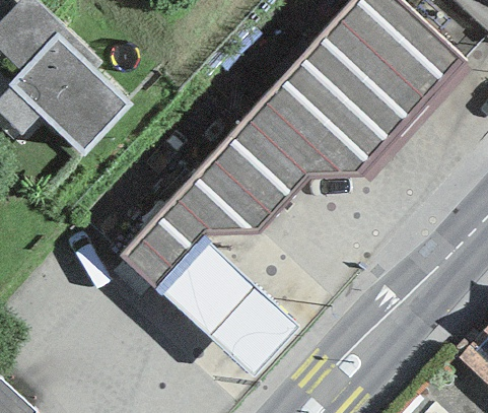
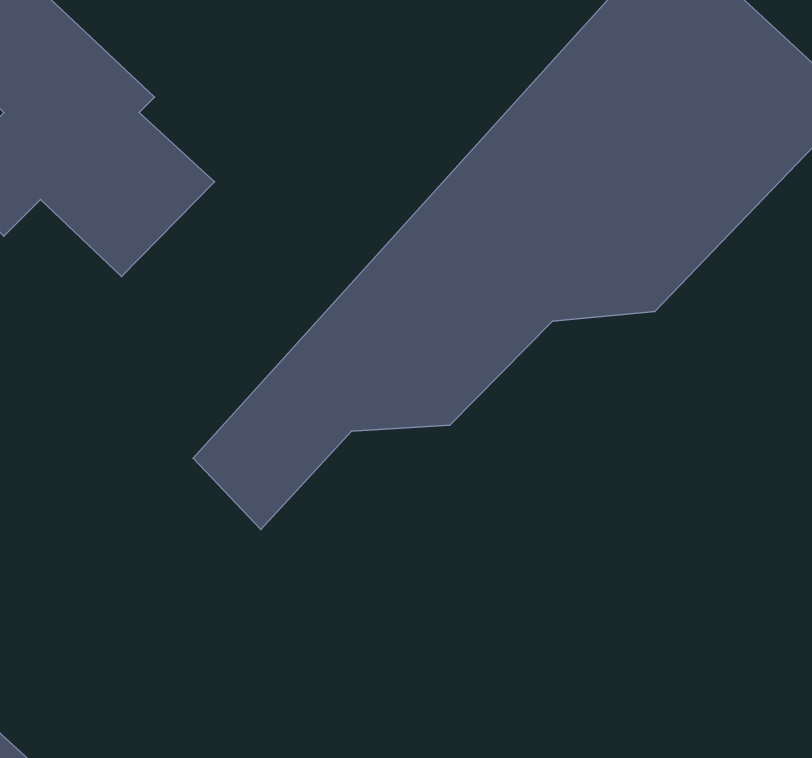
building: [156,237,300,376] -> none

